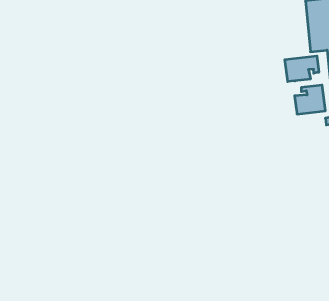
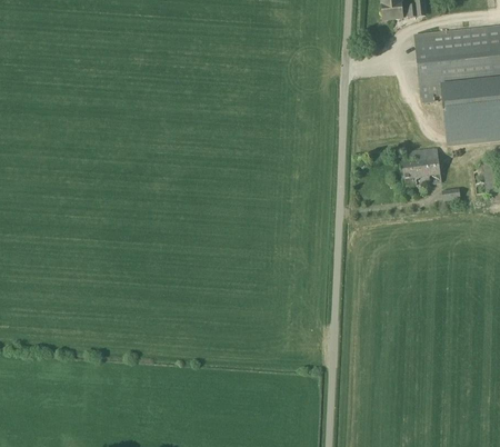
building: [285,56,319,82] -> none

